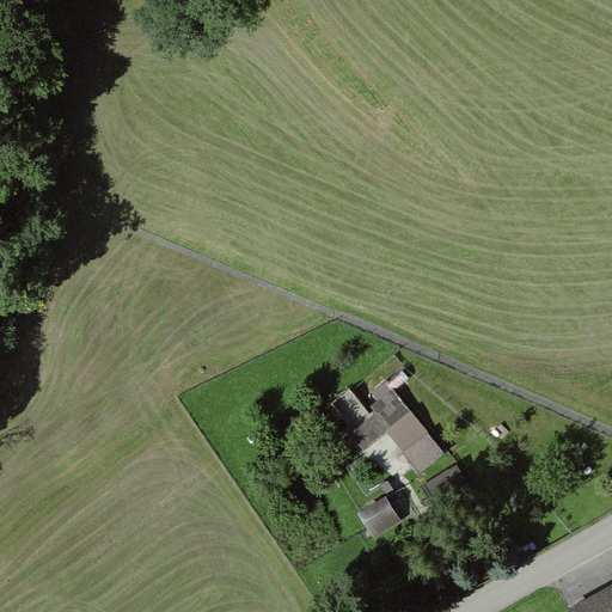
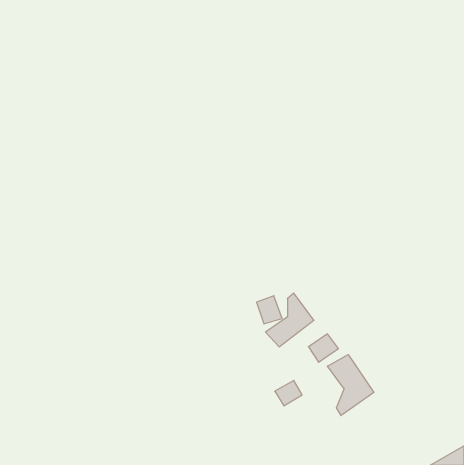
building: none -> [327,355,374,416]

